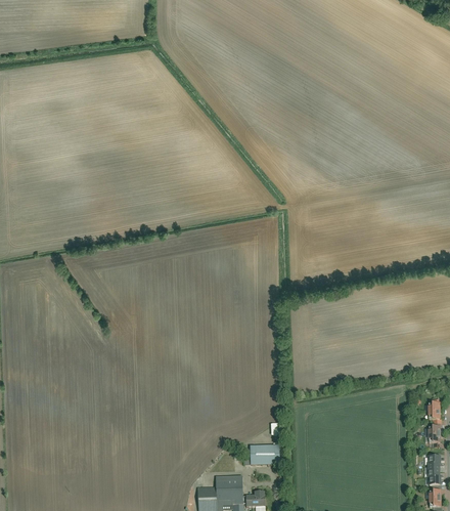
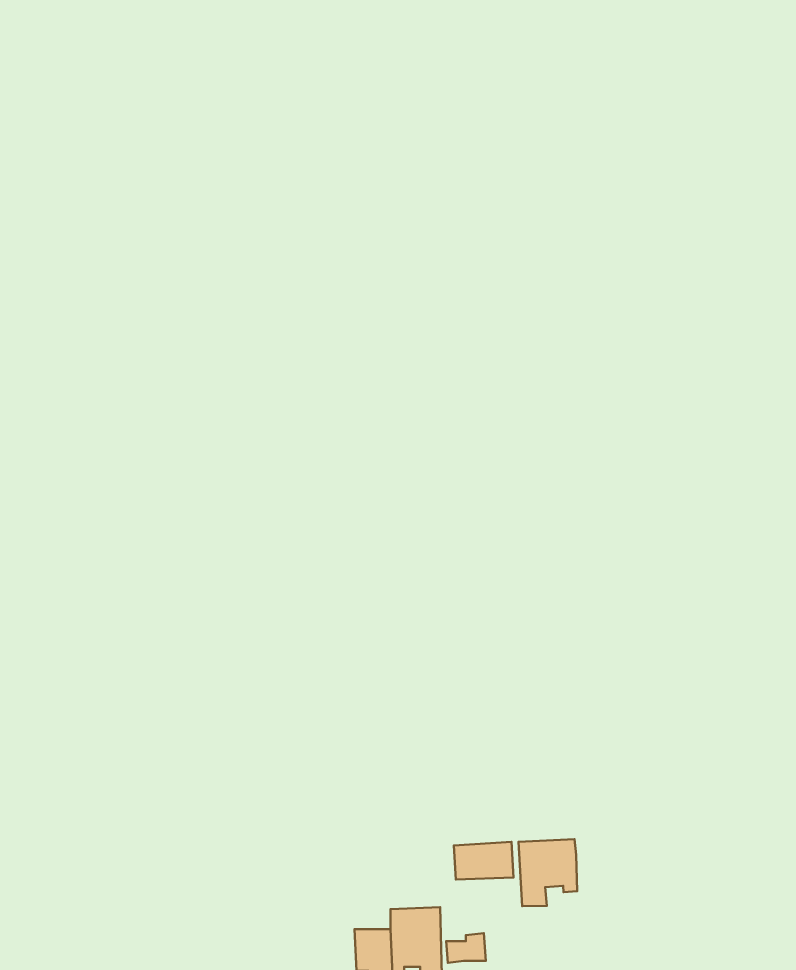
building: none -> [518,839,577,906]

